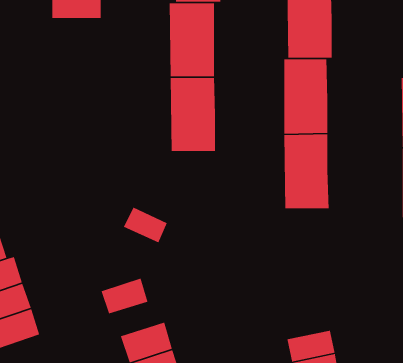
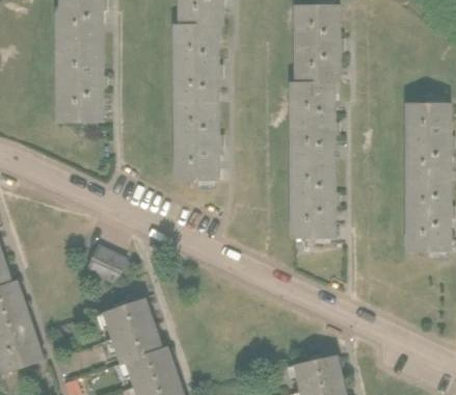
building: none -> [53,41,105,118]
building: [123,207,168,243] -> [87,246,133,284]
building: none -> [112,328,160,364]

